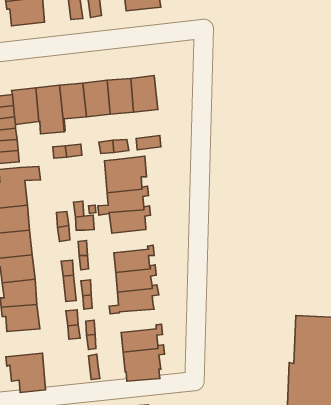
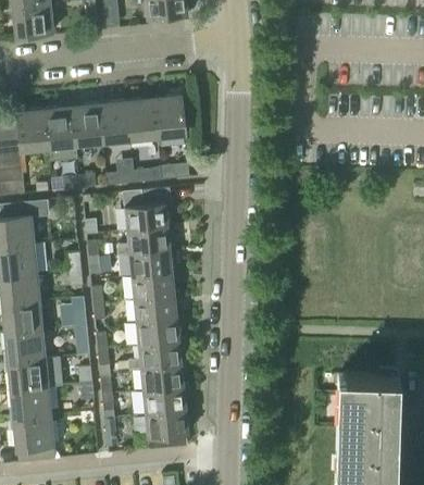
building: none -> [133,269,179,299]
building: none -> [141,359,189,391]
building: none -> [10,387,52,420]

